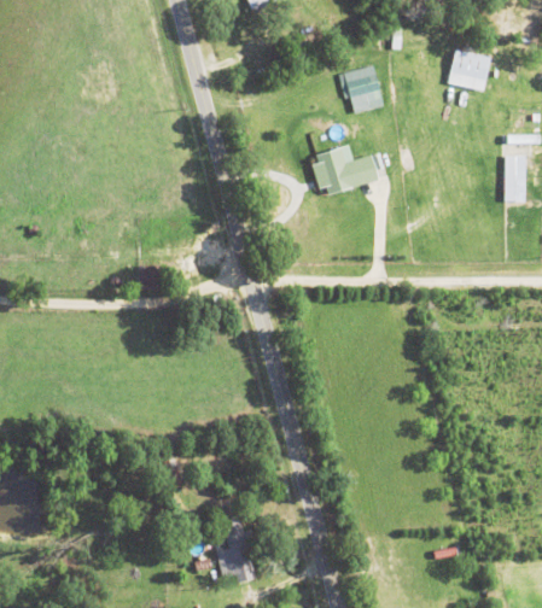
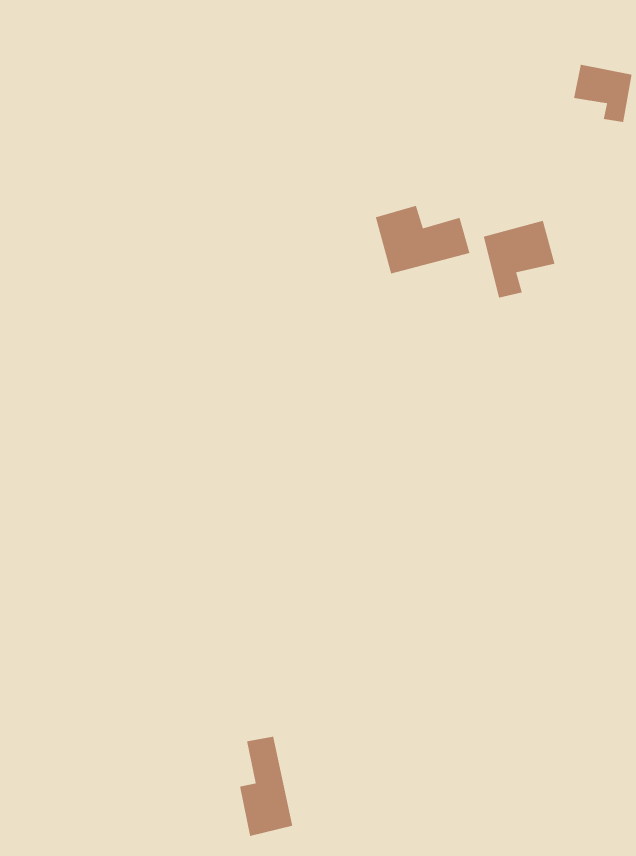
building: [346,77,378,111] -> none
building: none -> [483,220,555,298]

